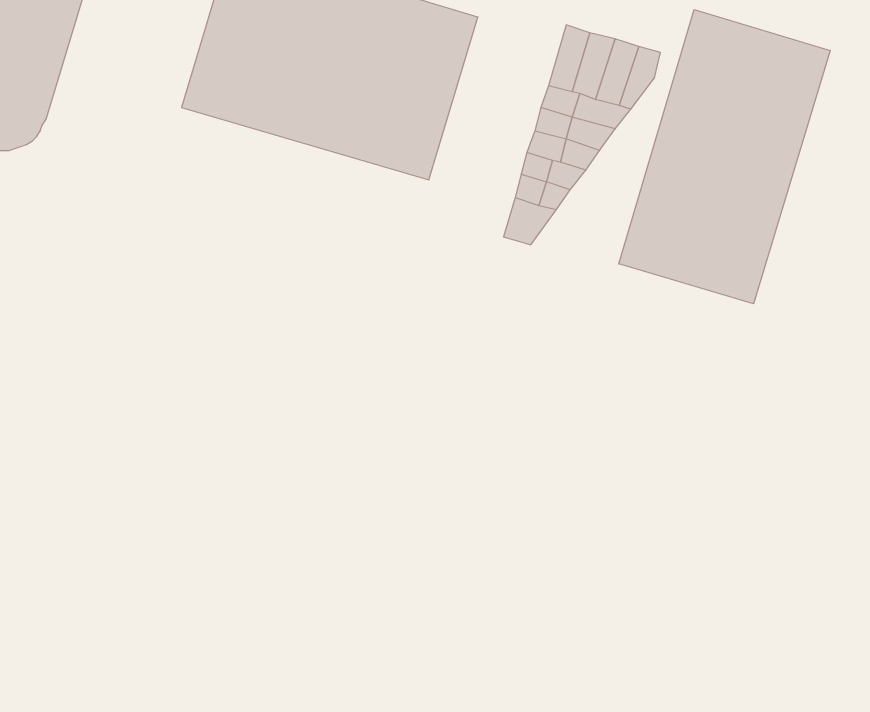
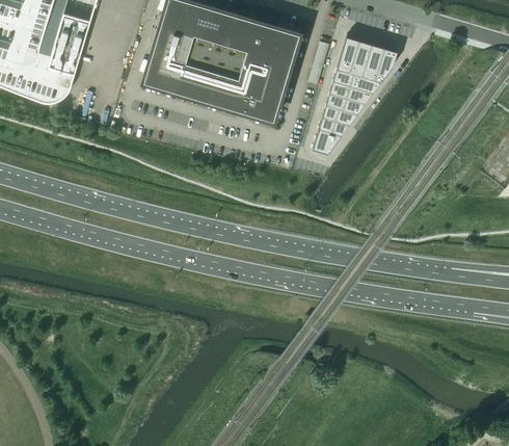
building: [619,10,830,304] -> none

